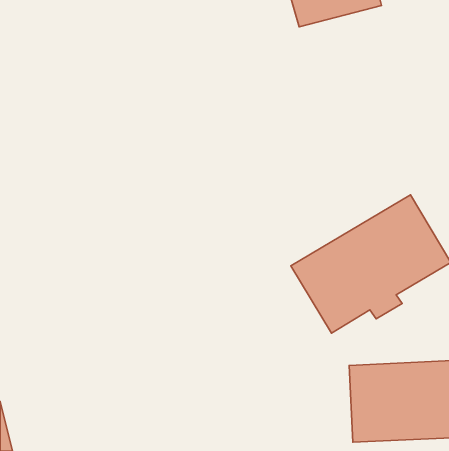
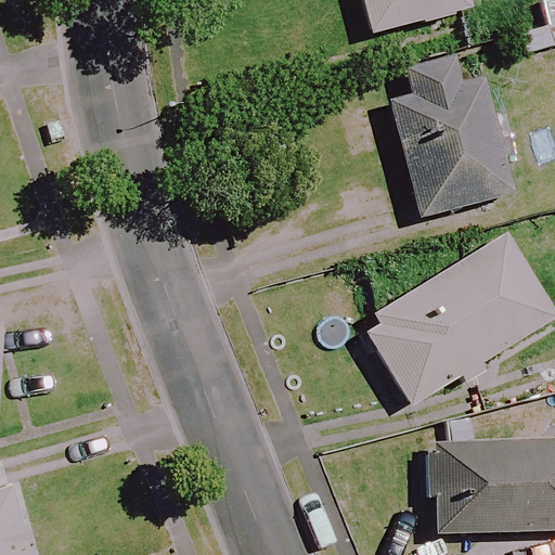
building: none -> [389,52,514,217]

